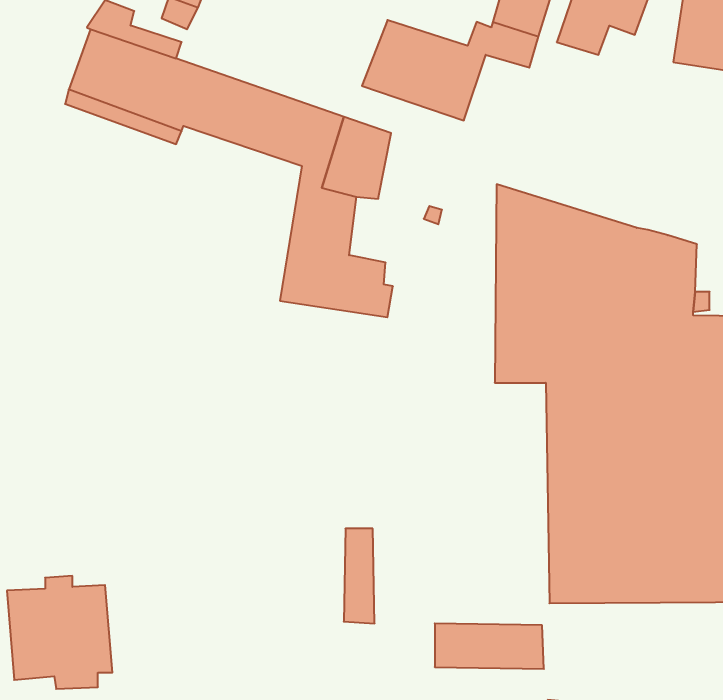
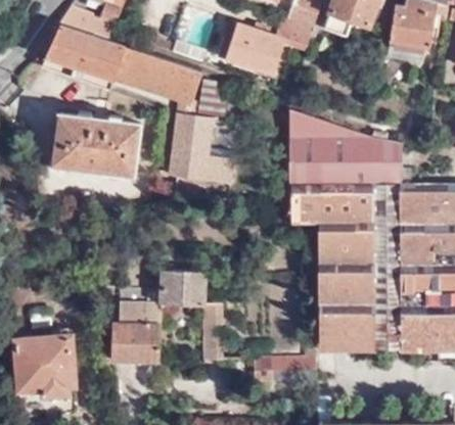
building: none -> [51,114,138,173]
building: none -> [110,272,204,364]

